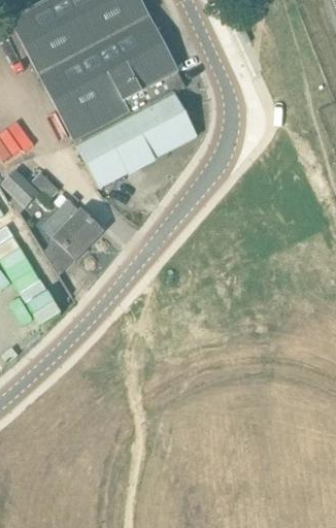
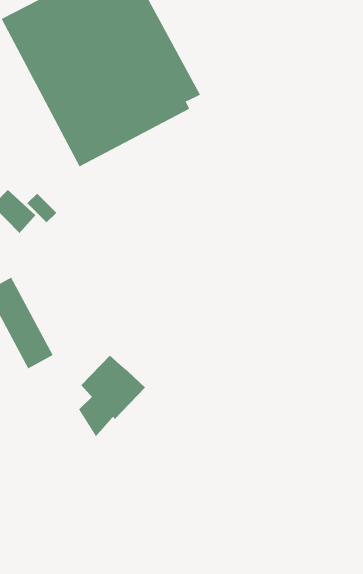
building: [79,97,197,186] -> none
building: [44,201,104,274] -> [78,355,146,438]

